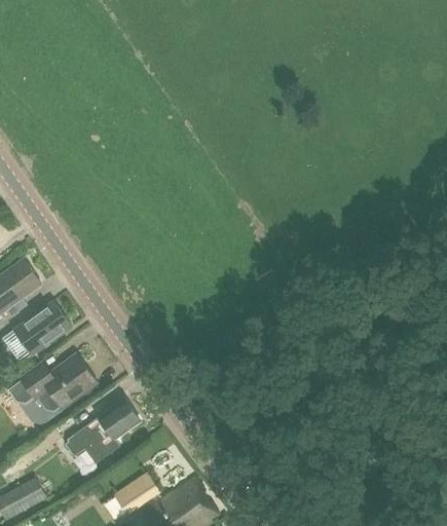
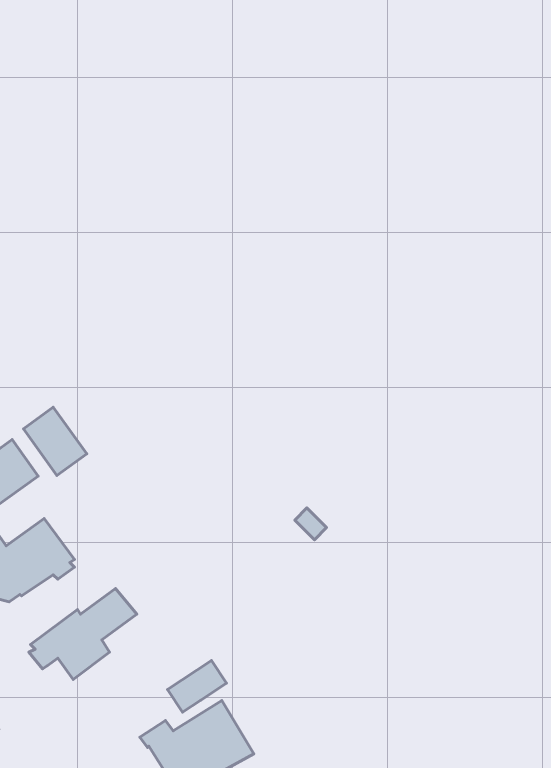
building: none -> [23,407,87,475]
building: [117,475,157,510] -> [167,661,227,712]

